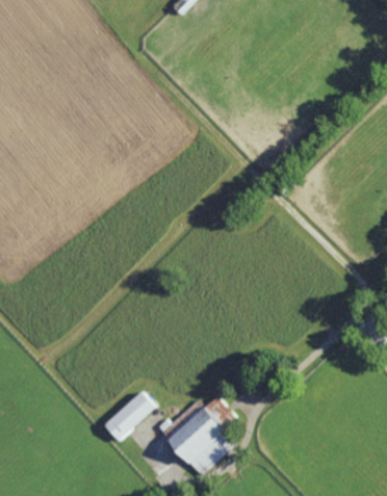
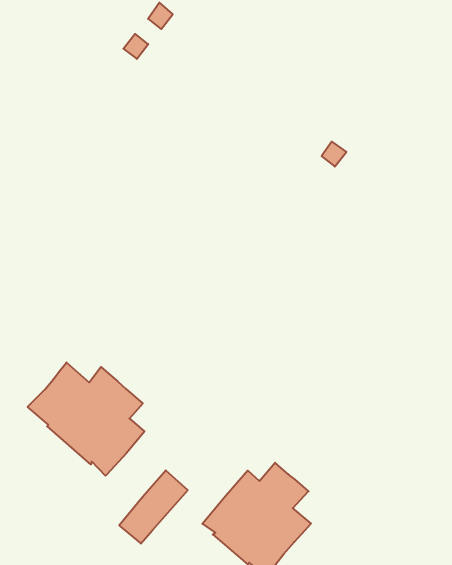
building: none -> [28,362,144,476]

